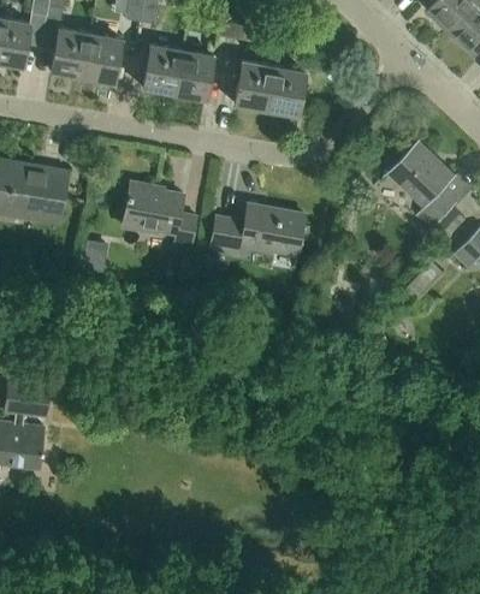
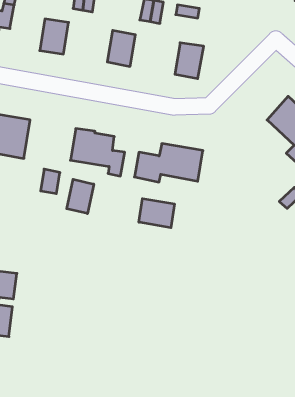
building: [49,28,88,77] -> none
building: [142,44,180,93] -> none
building: [233,60,273,109] -> none
building: none -> [67,179,94,214]
building: none -> [139,199,174,228]

